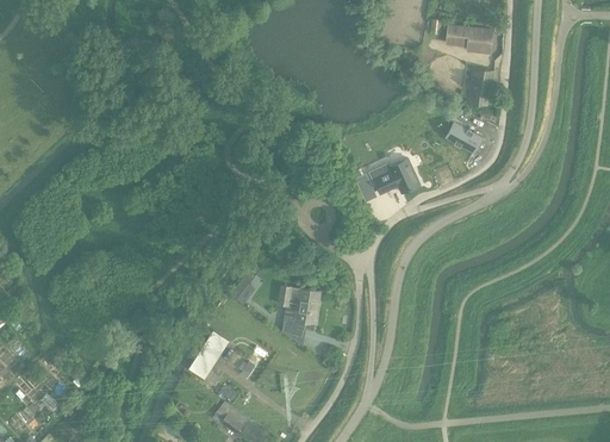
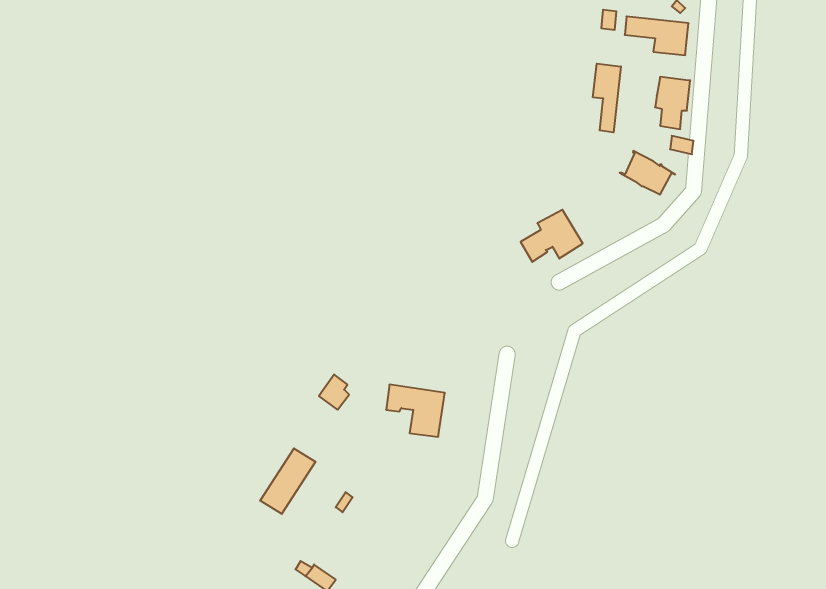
building: none -> [593,64,621,132]

